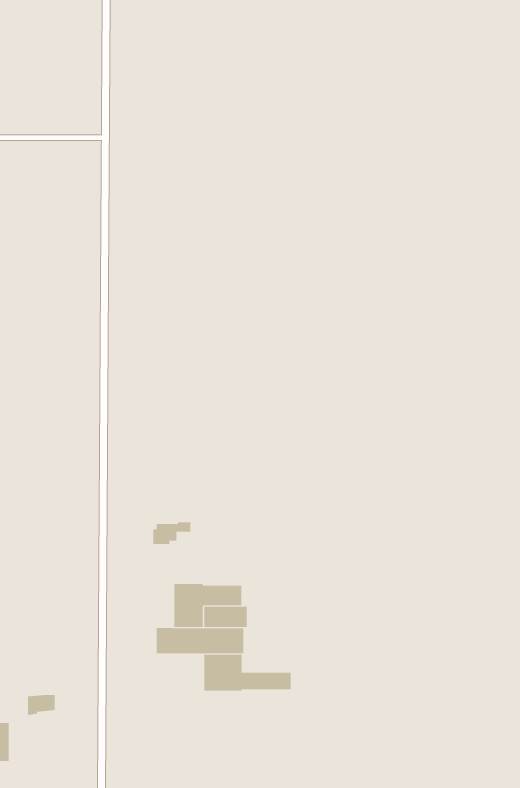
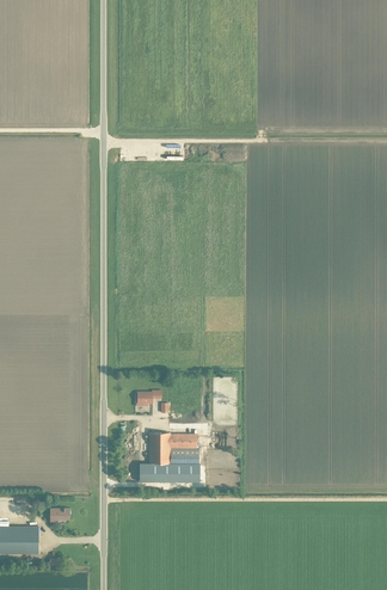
building: [204,654,291,692] -> none

